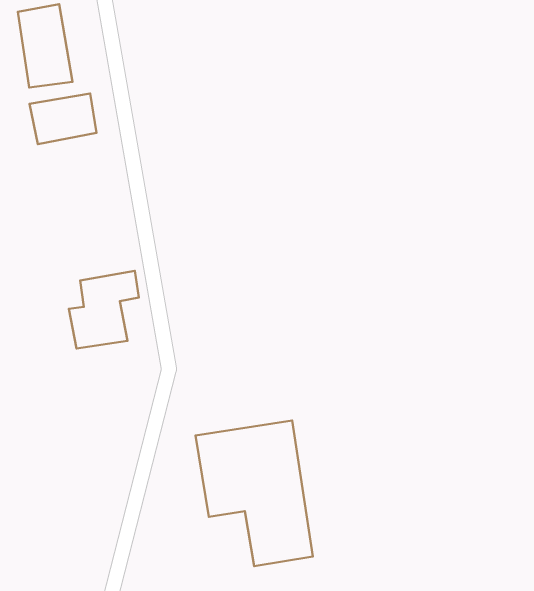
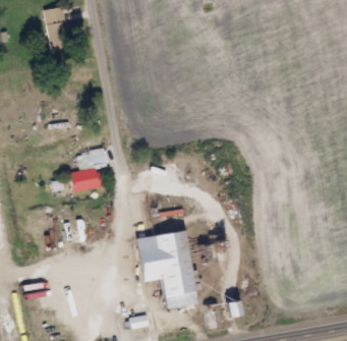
building: [30,94,96,144] -> none

